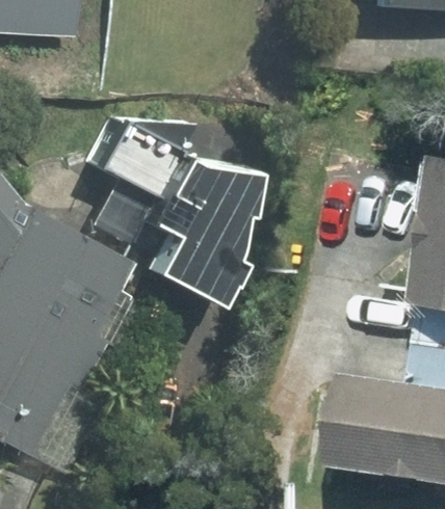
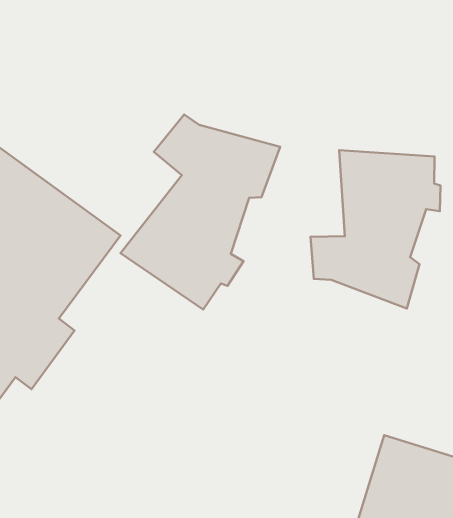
building: none -> [310,150,441,309]

